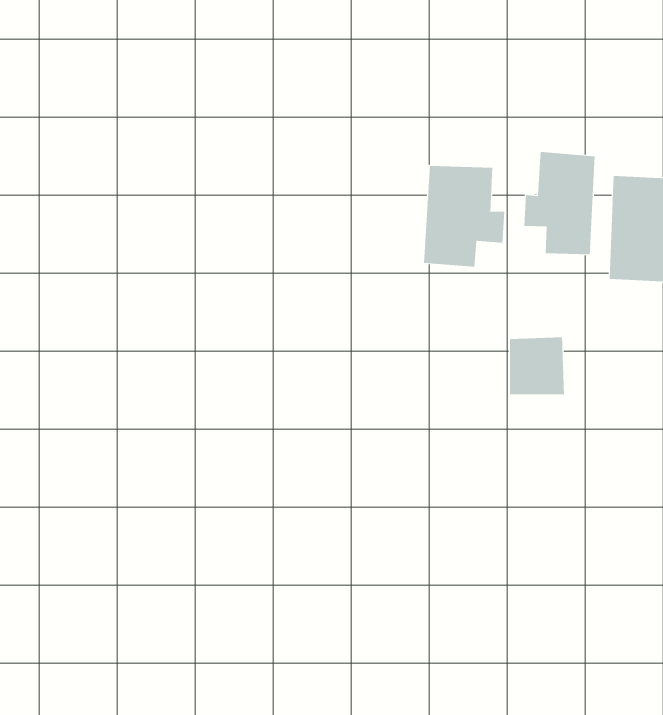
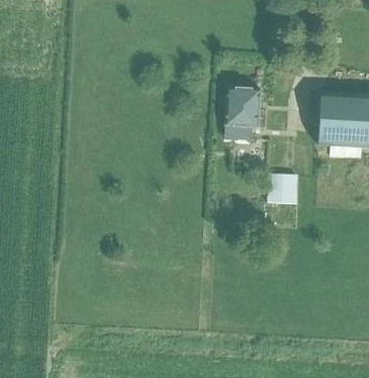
building: [524,151,595,255] -> none

